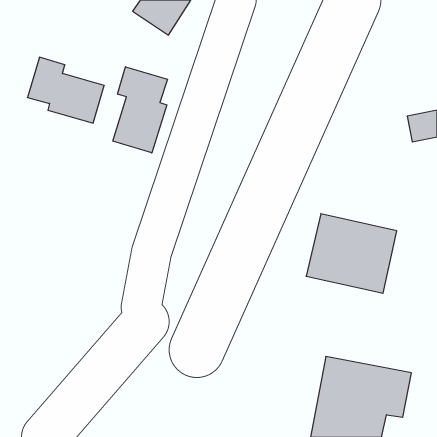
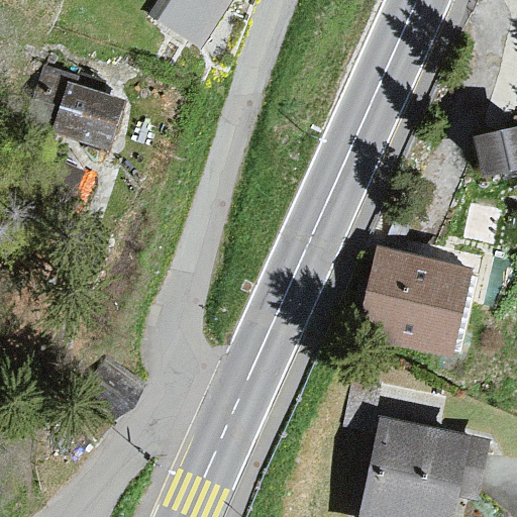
building: [113,67,167,153] -> none

